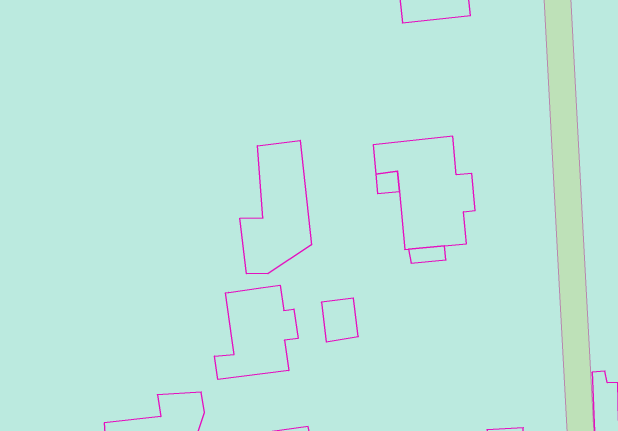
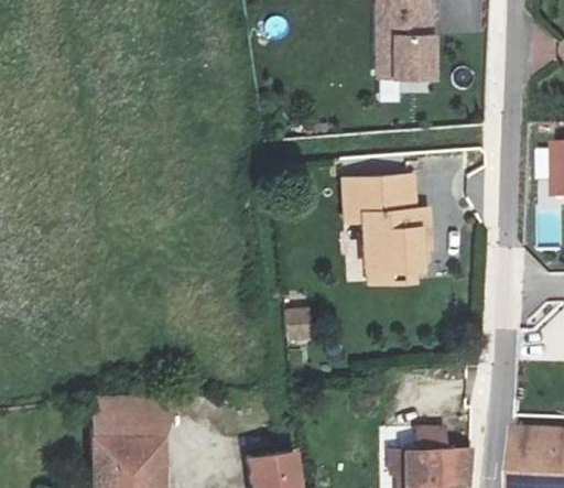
building: [240,140,311,274] -> none
building: [215,285,298,379] -> none

